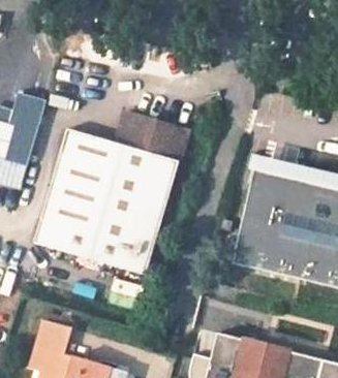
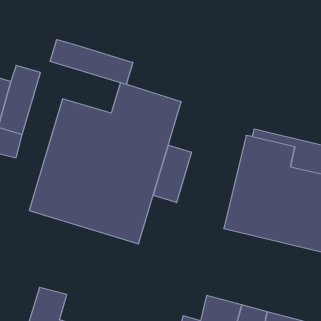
building: none -> [50,40,133,84]
building: none -> [153,145,192,203]

